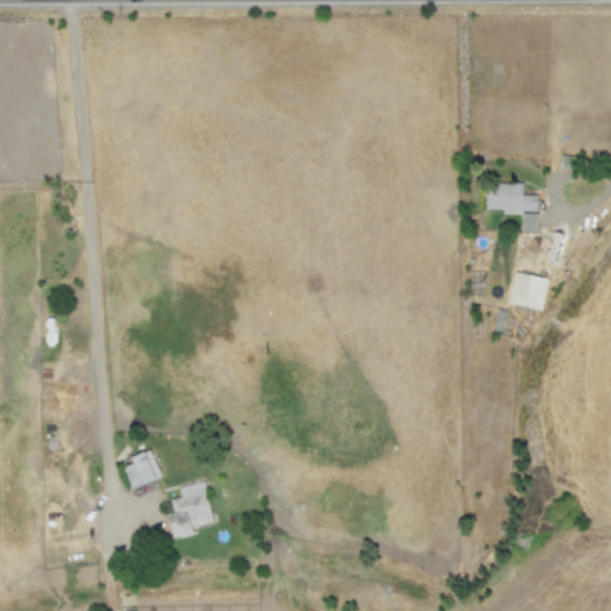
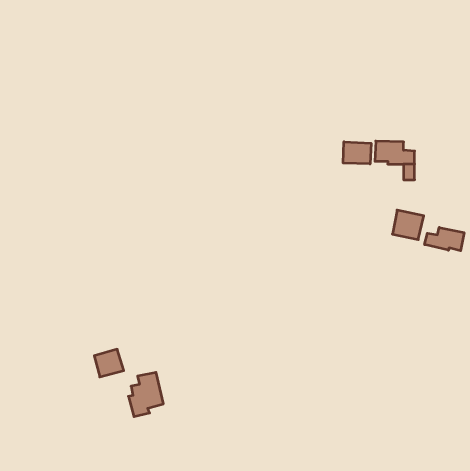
building: none -> [343,142,371,164]
building: none -> [425,227,464,251]

